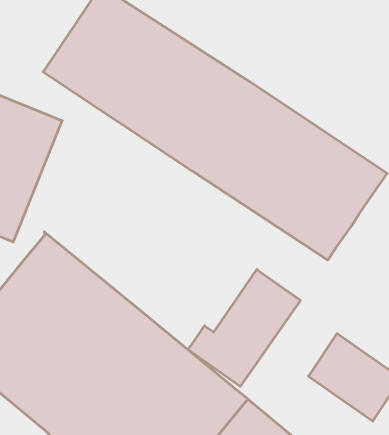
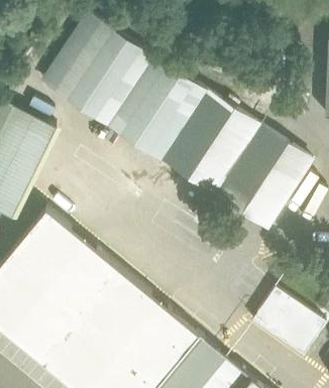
building: [188,269,300,386] -> none

